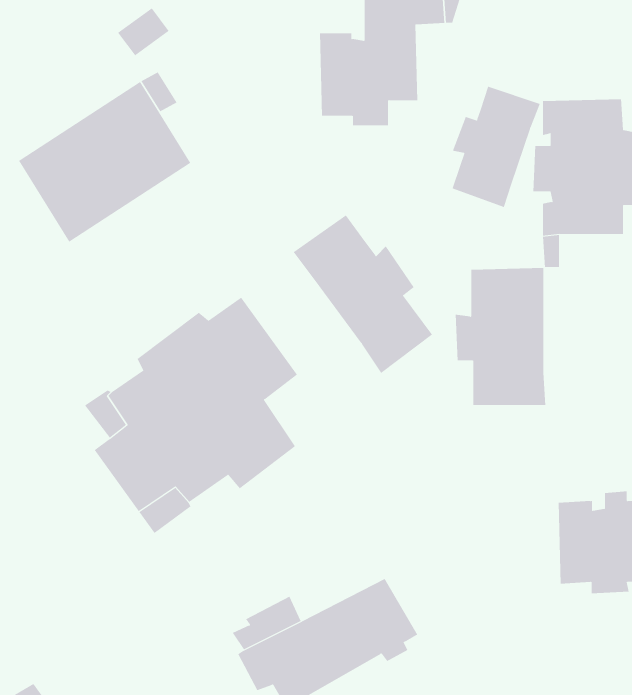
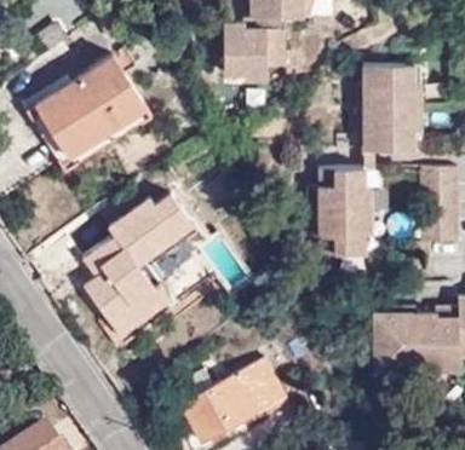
building: [452,86,541,208] -> none
building: [293,215,433,374] -> none

